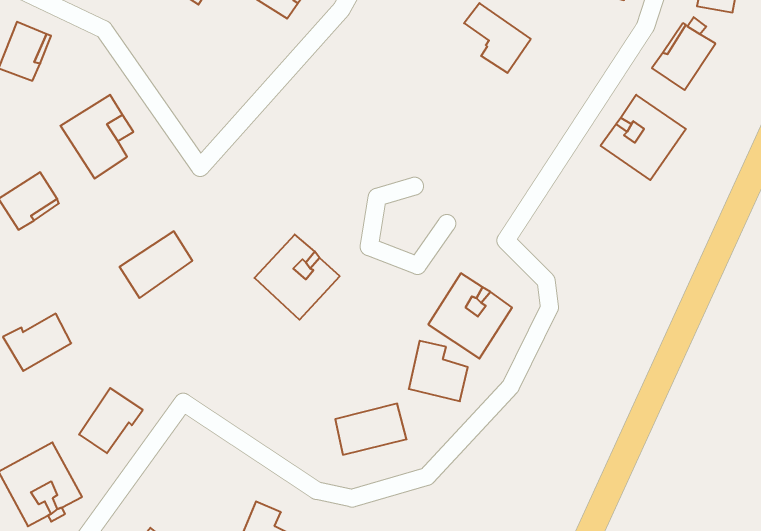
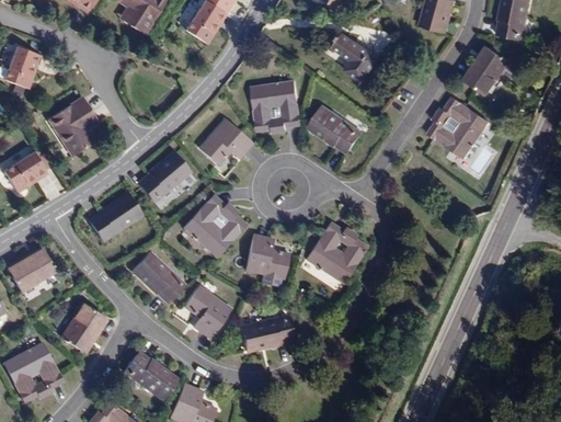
building: none -> [251,81,300,130]
building: none -> [308,105,362,152]
building: none -> [199,118,251,163]
building: none -> [138,152,188,202]
building: none -> [133,252,183,301]
building: [409,341,468,401] -> [245,235,287,277]
building: none -> [184,286,229,337]
building: none -> [124,352,175,398]

